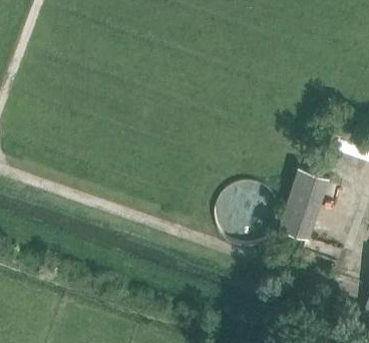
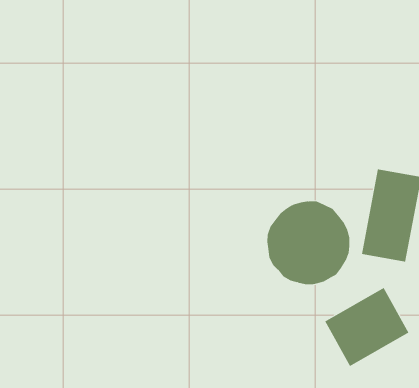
building: none -> [324,287,409,367]

